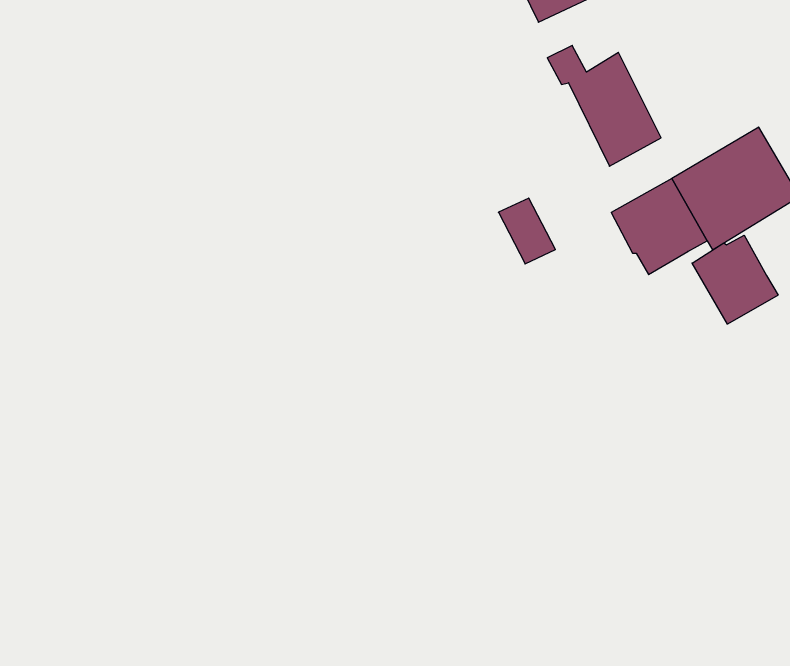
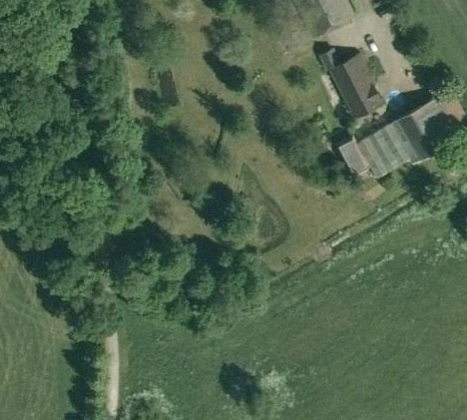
building: [498,198,555,264] -> [336,136,368,173]
building: [692,235,778,324] -> none

